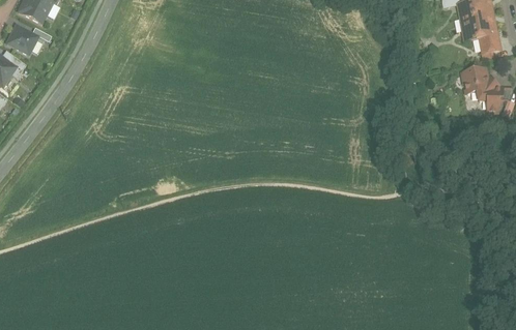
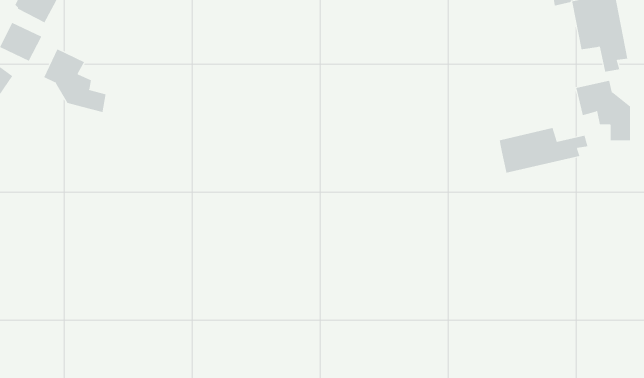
building: none -> [43,49,106,113]
building: none -> [499,127,588,174]

